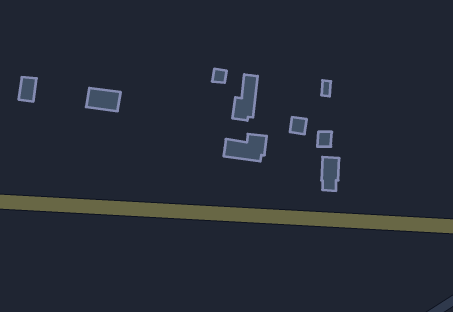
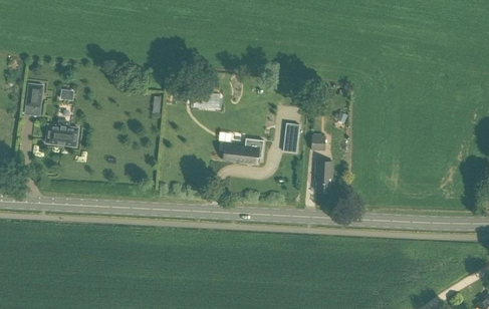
building: [233,74,258,121] -> none
building: [86,88,121,111] -> [45,124,78,146]

